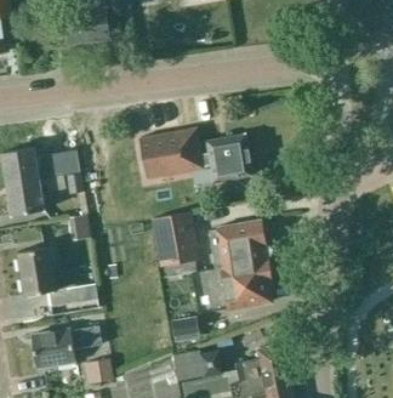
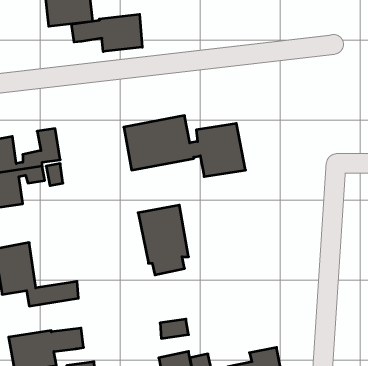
building: none -> [72,14,142,52]
building: [192,221,272,313] -> none

